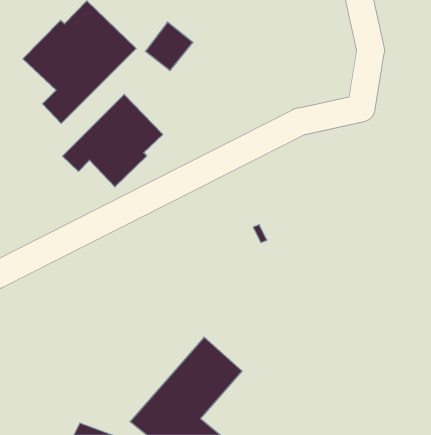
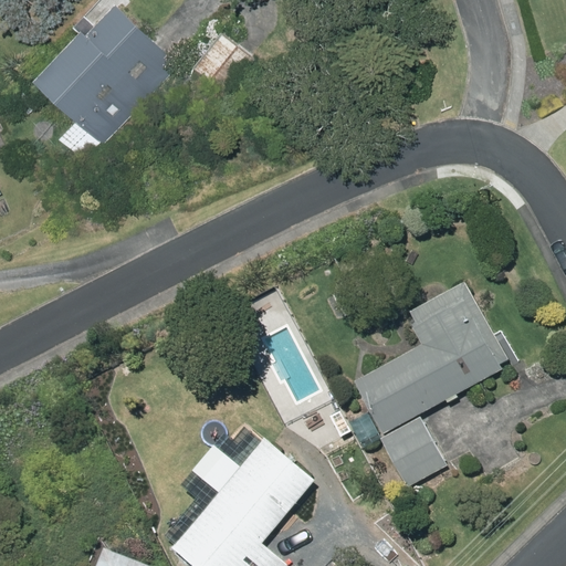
building: [63,94,163,187] -> none
building: none -> [355,281,509,486]

